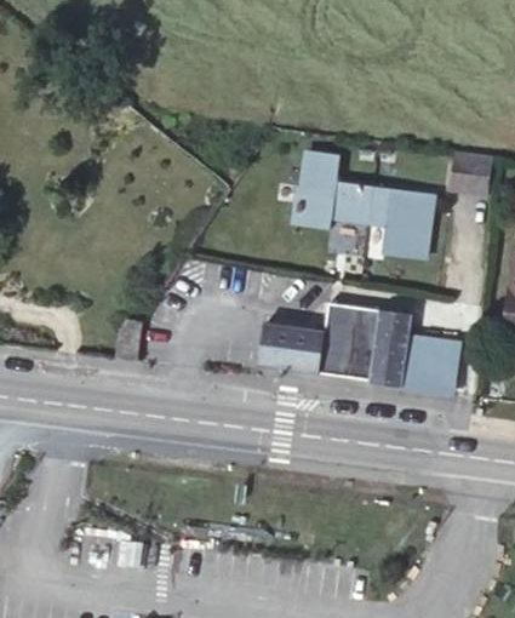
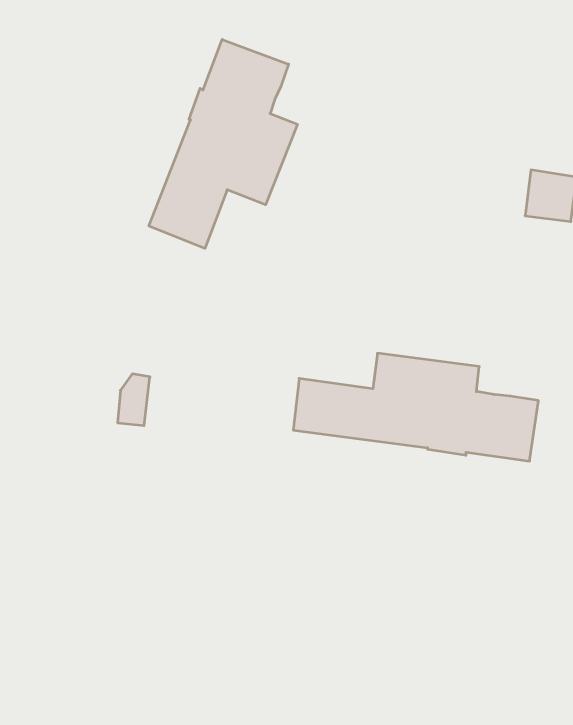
building: none -> [149,39,297,248]
building: [296,150,434,259] -> none

